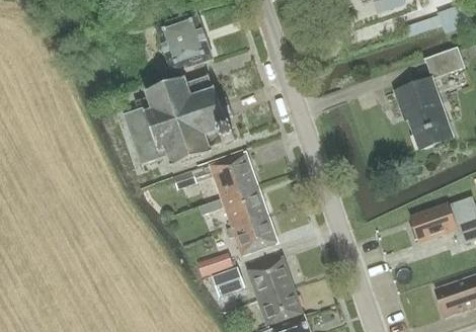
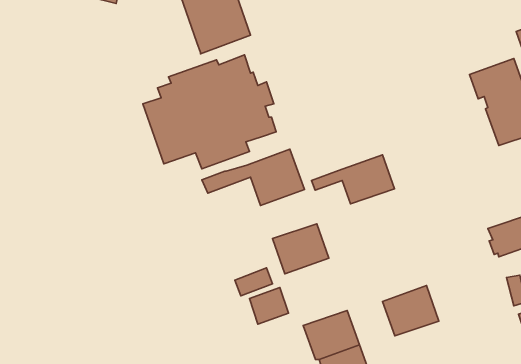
building: [199,185,267,226] -> [311,155,395,204]
building: [246,256,293,298] -> [382,286,439,336]

